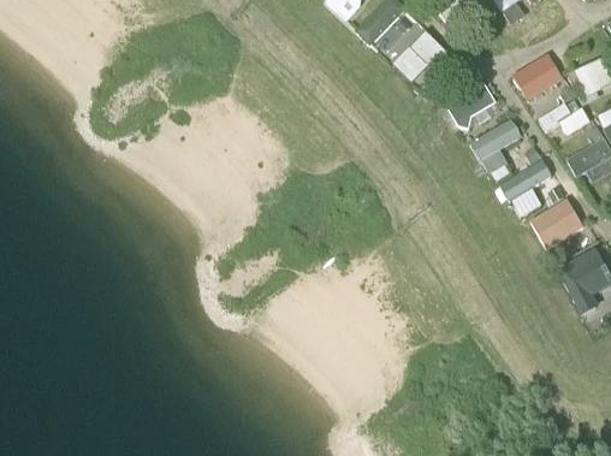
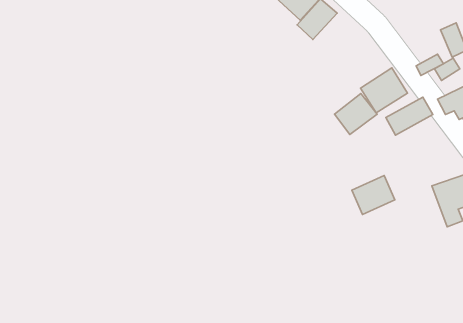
building: [509,53,563,101] -> none
building: [449,82,502,132] -> [334,94,377,135]
building: [529,200,582,248] -> [352,175,395,214]

